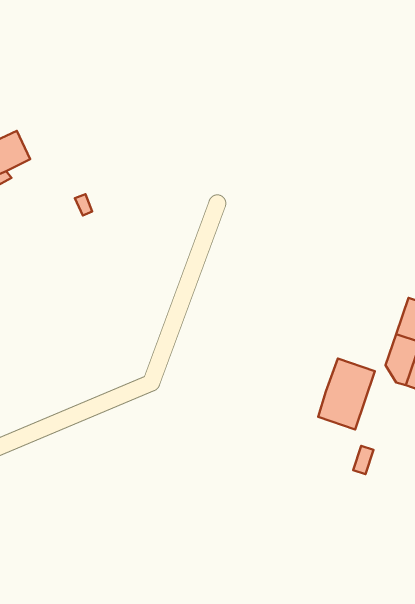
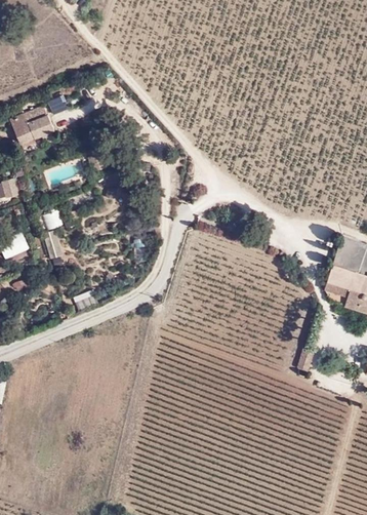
building: [318,358,375,429] -> none

